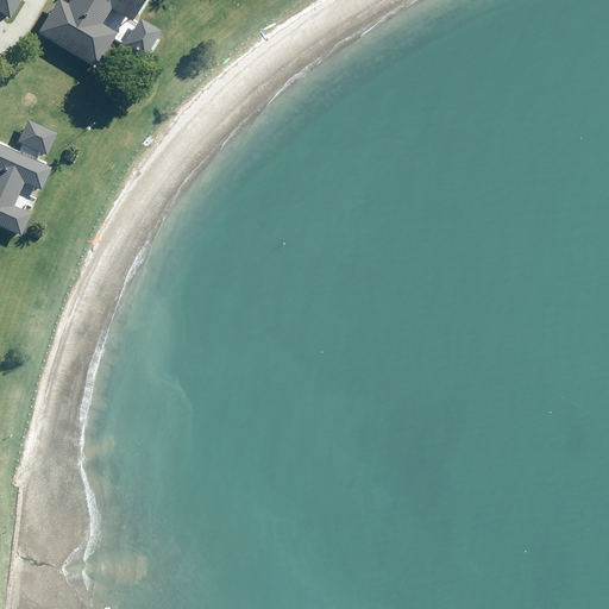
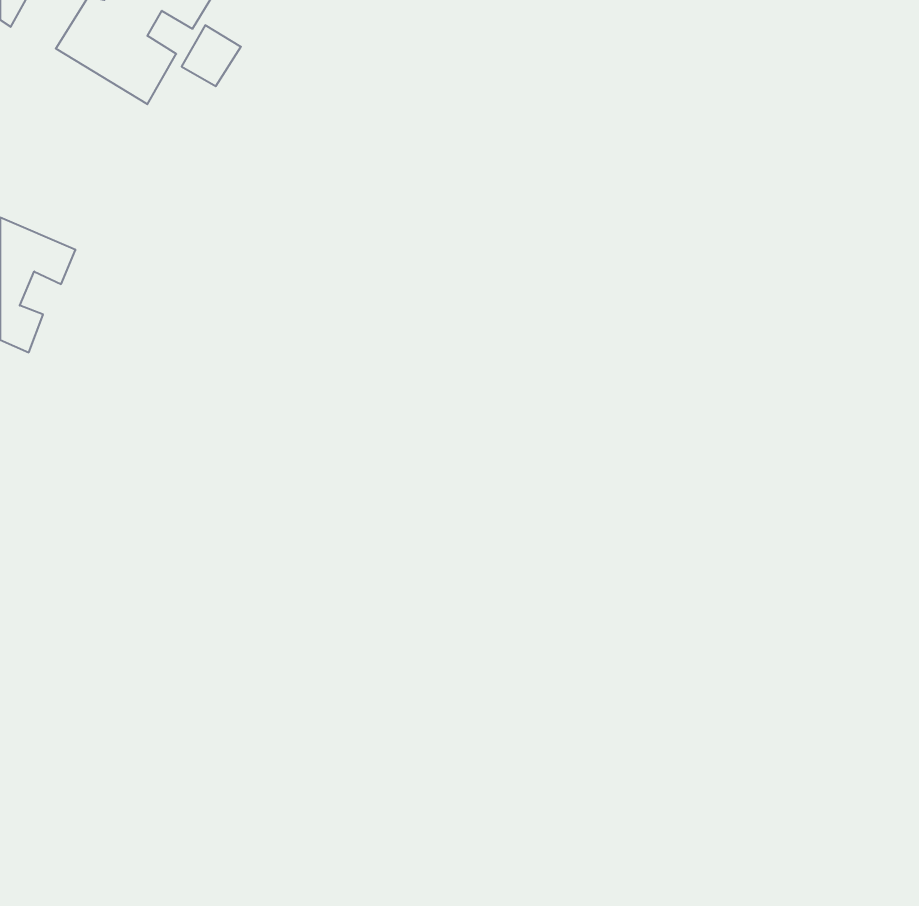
building: [15,118,54,152] -> none

